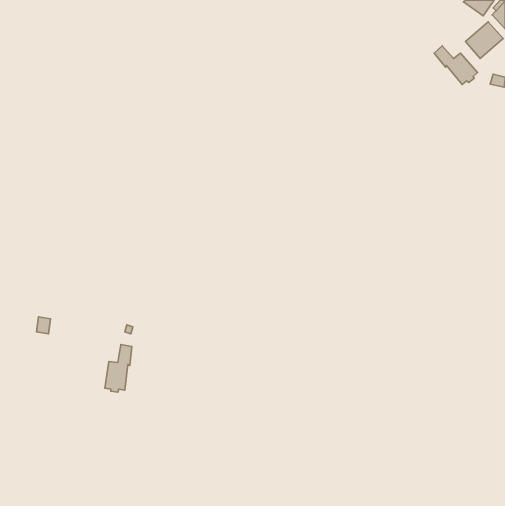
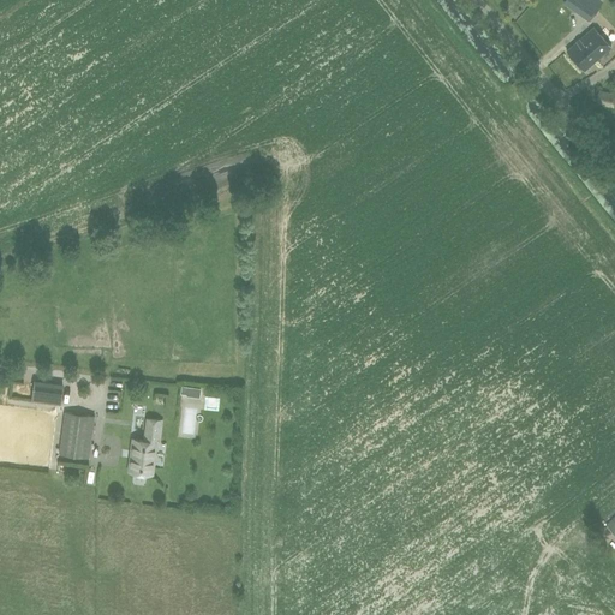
building: [434,46,477,85] -> none
building: none -> [58,412,94,458]

